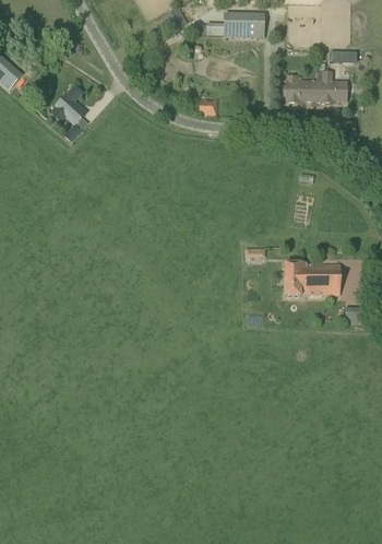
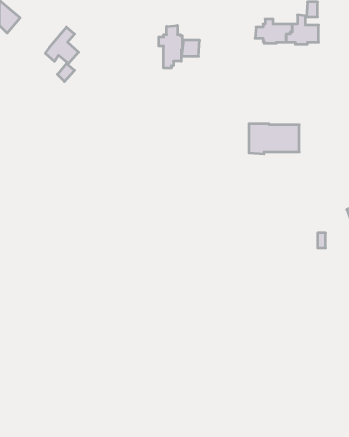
building: none -> [159,25,182,68]
building: [285,262,339,295] -> [249,124,299,154]

